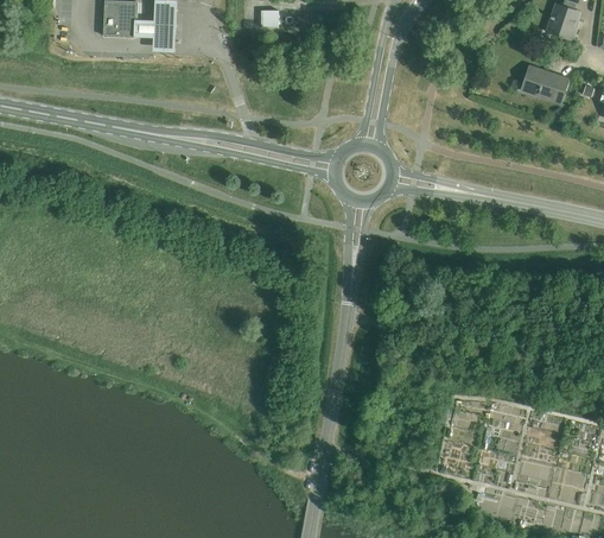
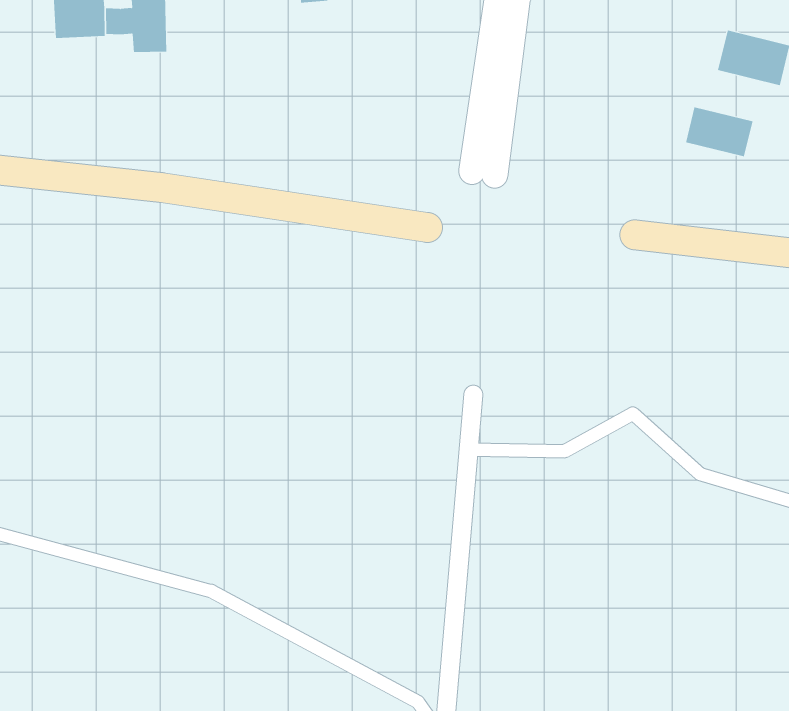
building: none -> [685,107,753,157]

